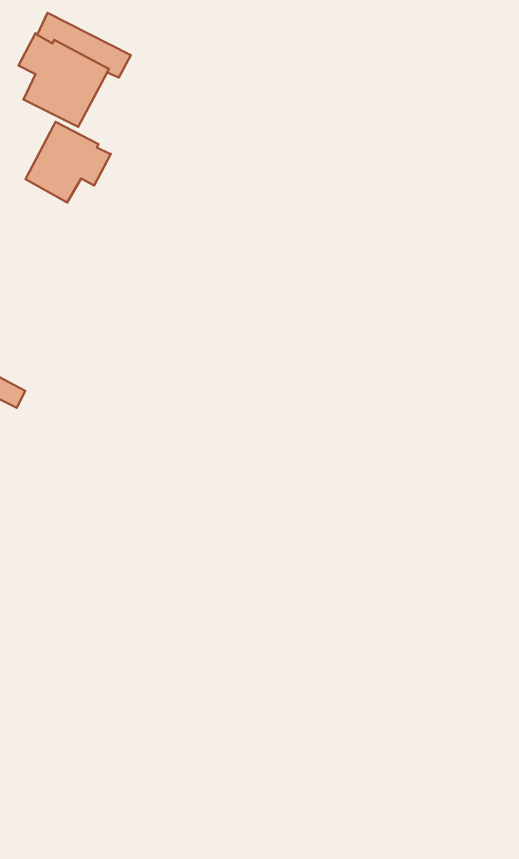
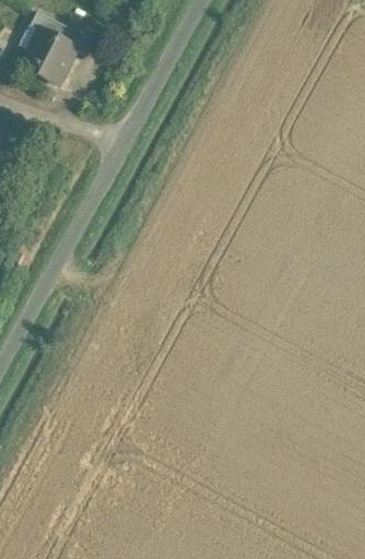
building: [26,122,111,202] -> none

